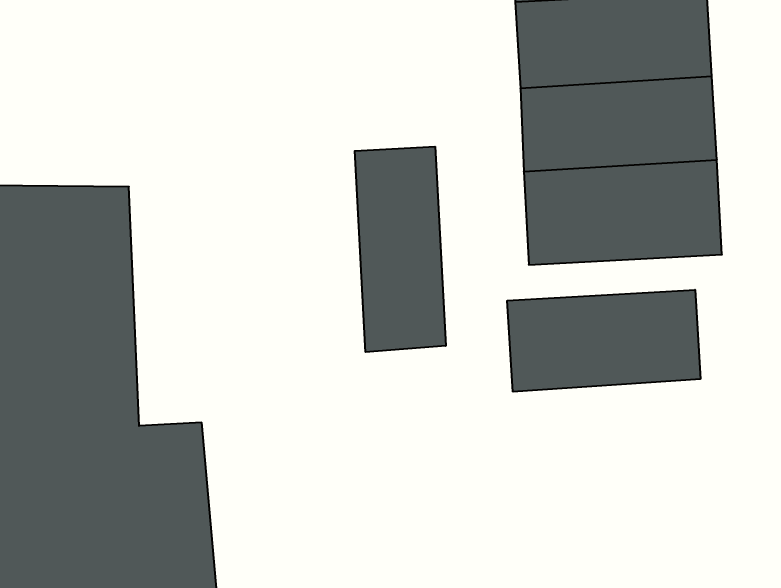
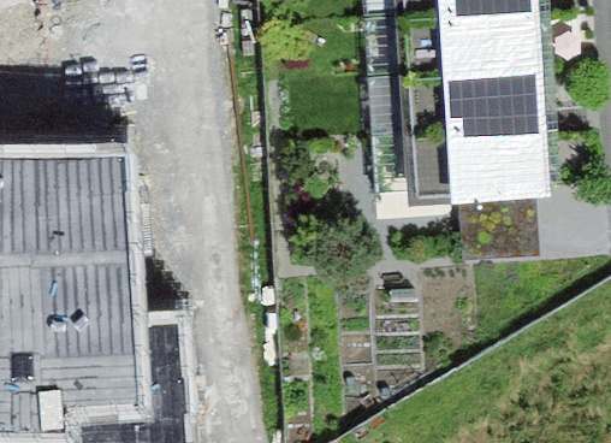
building: [355,147,446,352] -> none
building: [507,290,700,392] -> none

